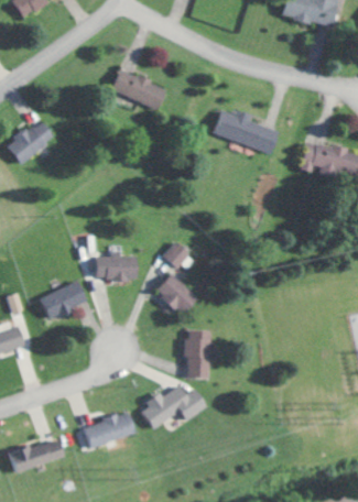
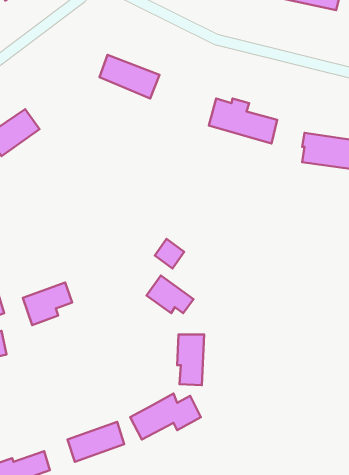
building: [96,254,138,280] -> none

